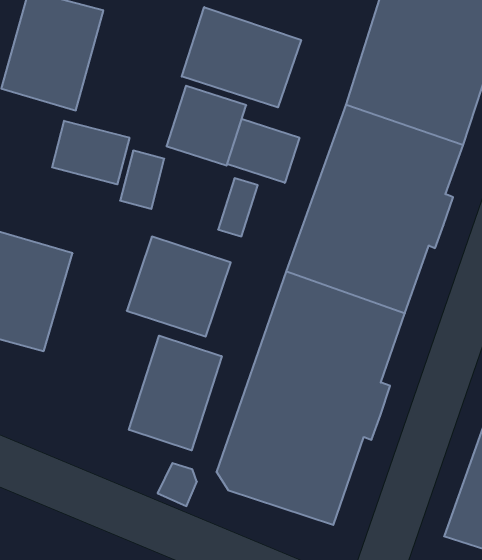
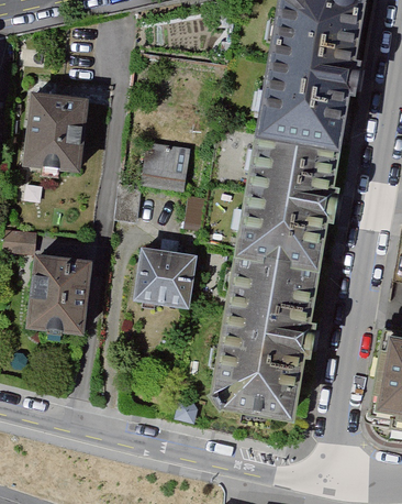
building: [182,7,301,107] -> none
building: [227,119,299,183] -> none
building: [52,121,129,184] -> none
building: [129,336,222,450] -> none

